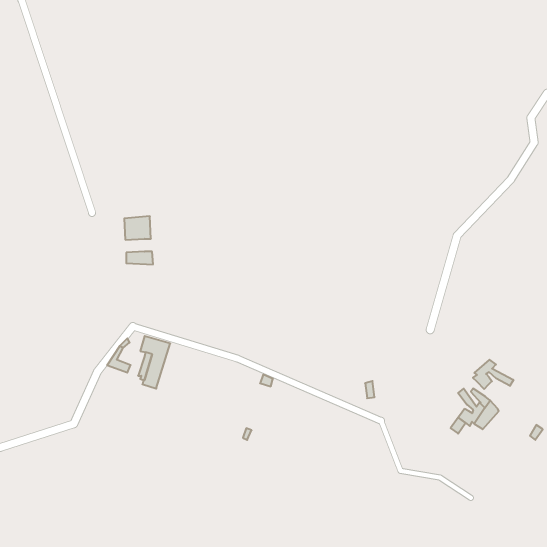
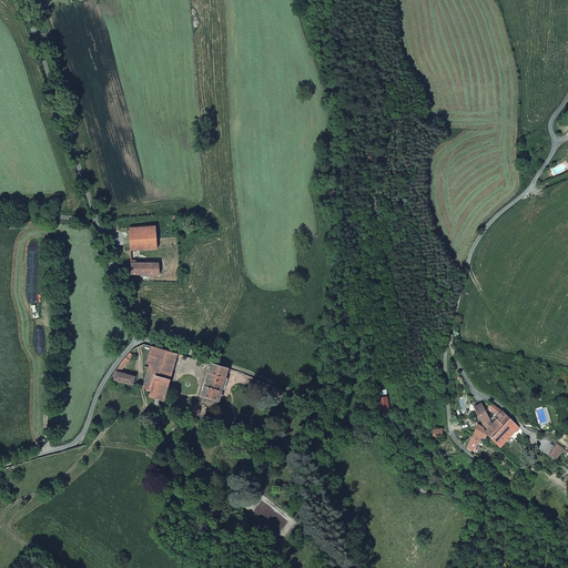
building: none -> [197,366,227,410]
building: [473,360,513,389] -> none

